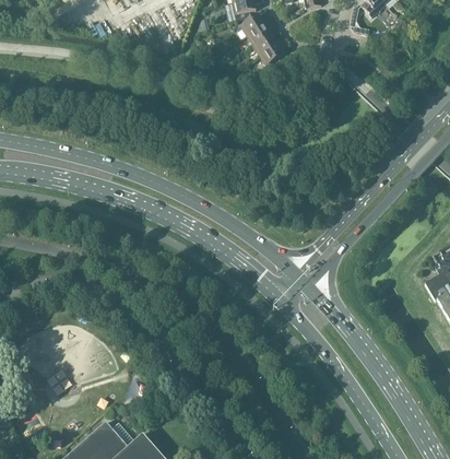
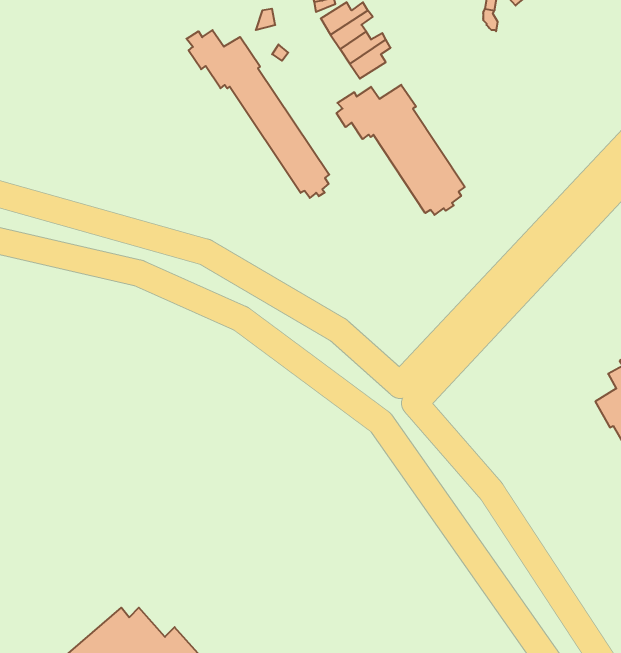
building: none -> [186,30,329,198]
building: none -> [337,85,465,215]

